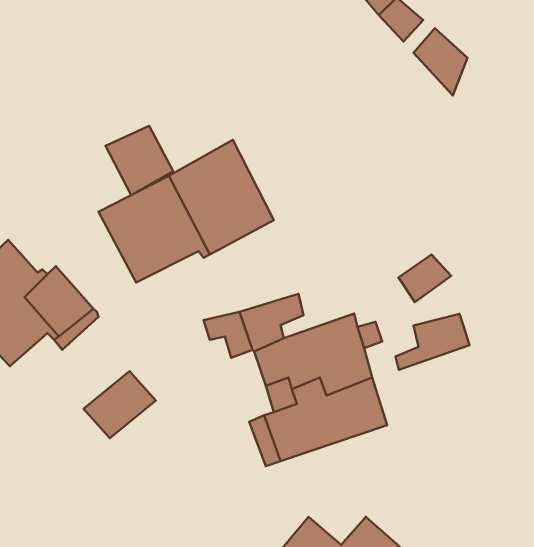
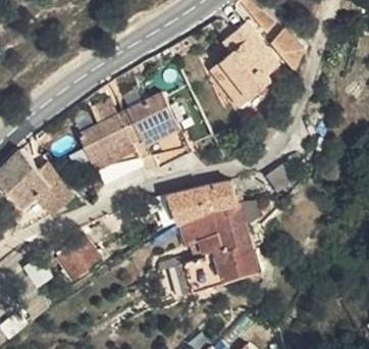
building: none -> [211,10,281,106]
building: [106,126,173,195] -> none
building: [396,314,469,370] -> [188,182,233,216]

